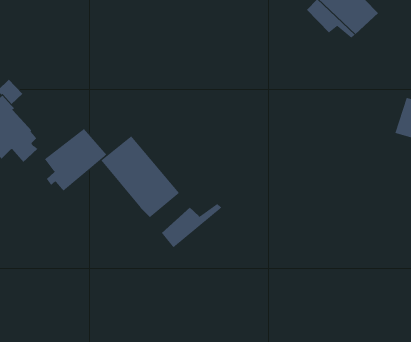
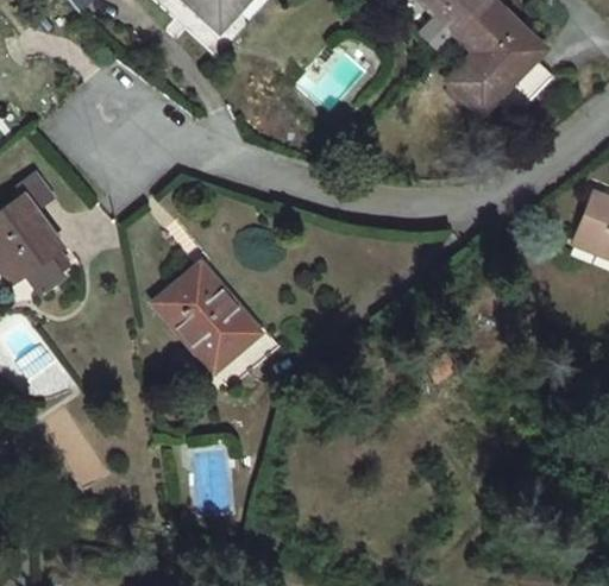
building: [44,128,107,192] -> none
building: [161,203,222,248] -> none

